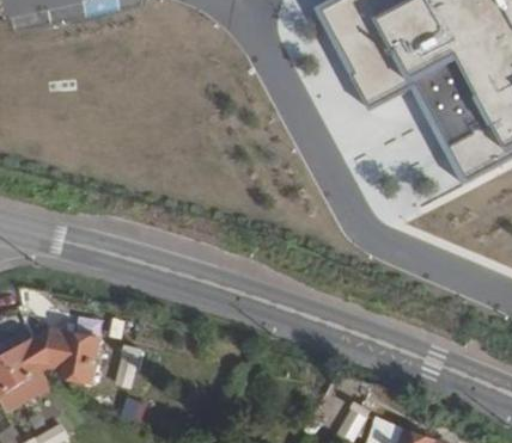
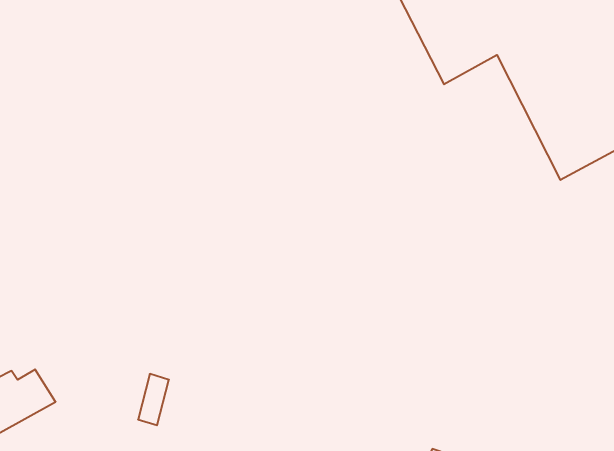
building: [30,333,96,382] -> none

